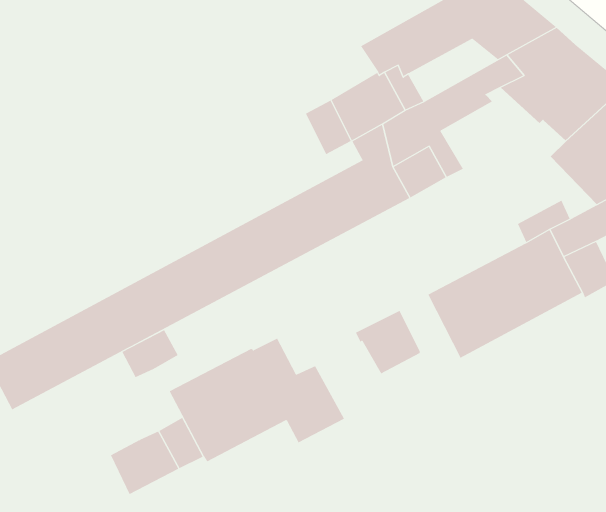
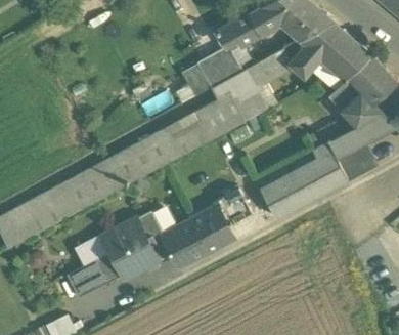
building: [122,329,178,378] -> [76,238,109,266]
building: none -> [188,208,233,254]

